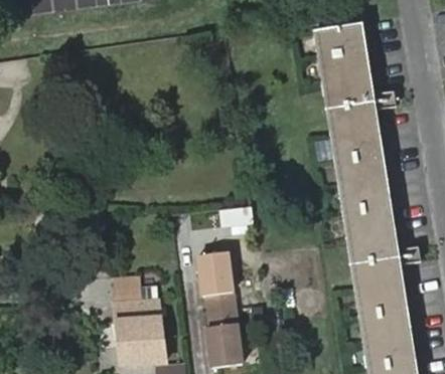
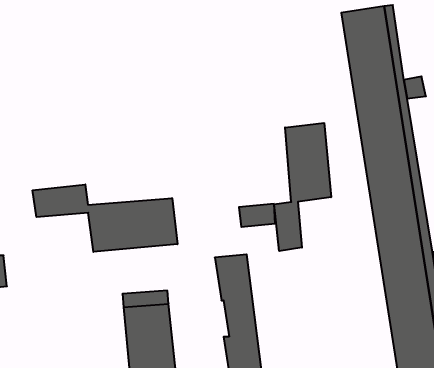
building: none -> [274,123,331,251]
building: none -> [33,184,177,252]

